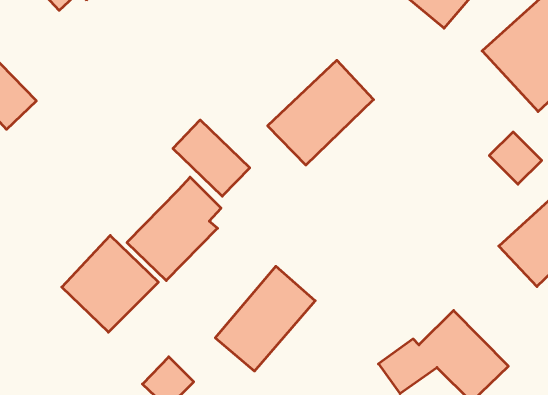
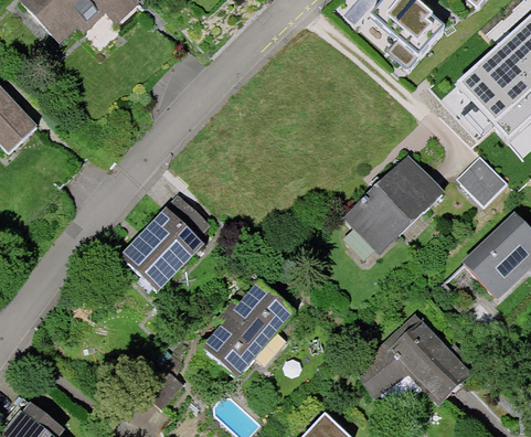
building: [268,60,374,165] -> [346,156,444,253]
building: [173,120,250,196] -> none
building: [62,235,158,332] -> none

